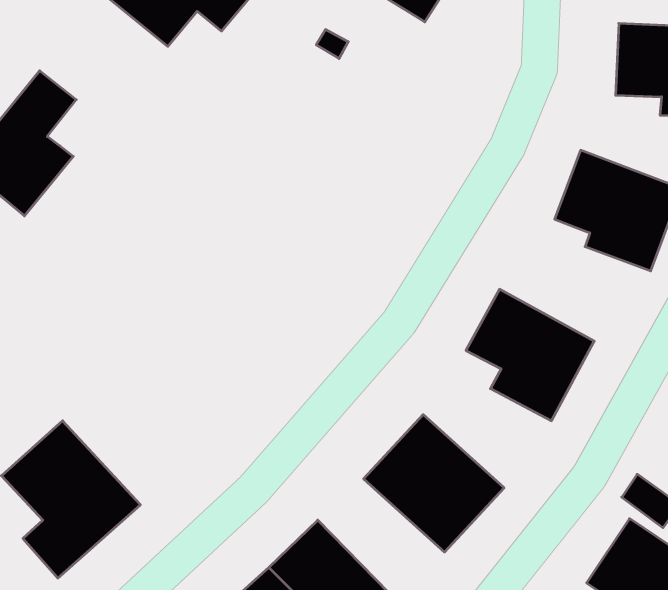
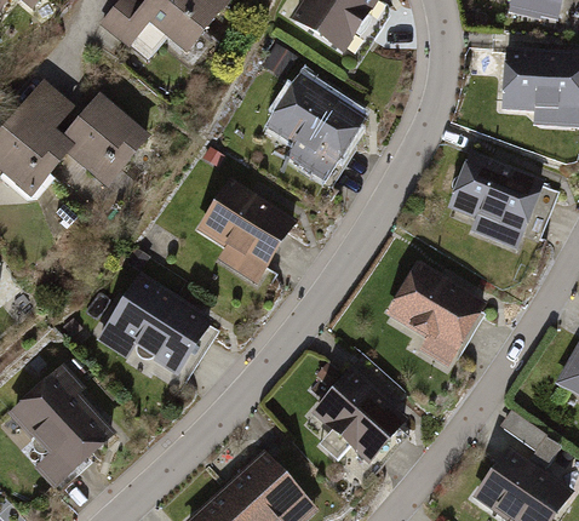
building: none -> [263,80,366,179]
building: none -> [57,99,149,190]
building: none -> [199,176,296,279]
building: none -> [104,275,217,383]

